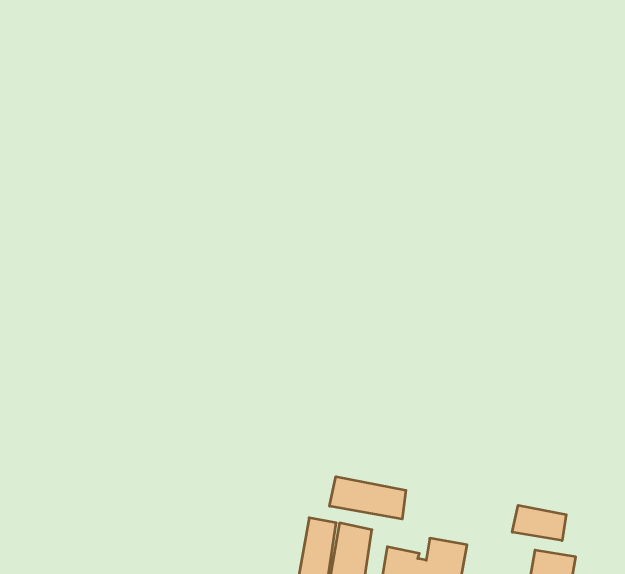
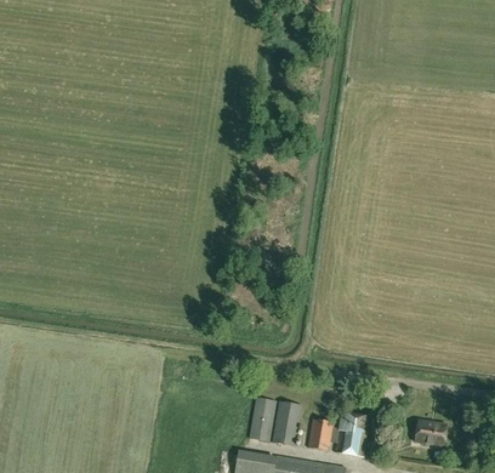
building: [330,477,406,519] -> none
building: [512,505,566,541] -> none

